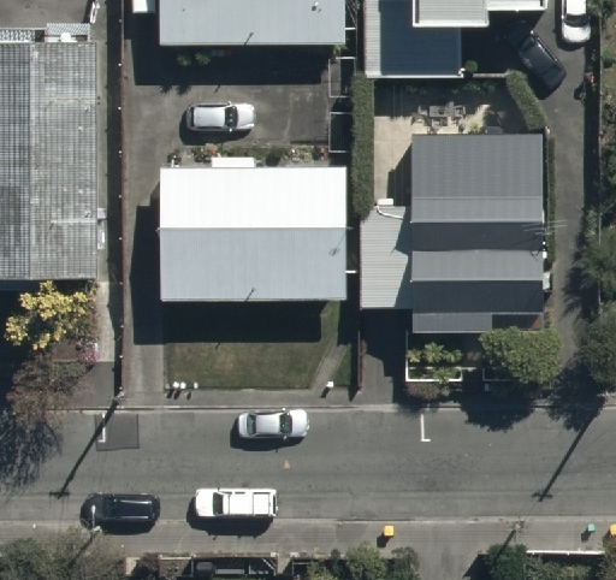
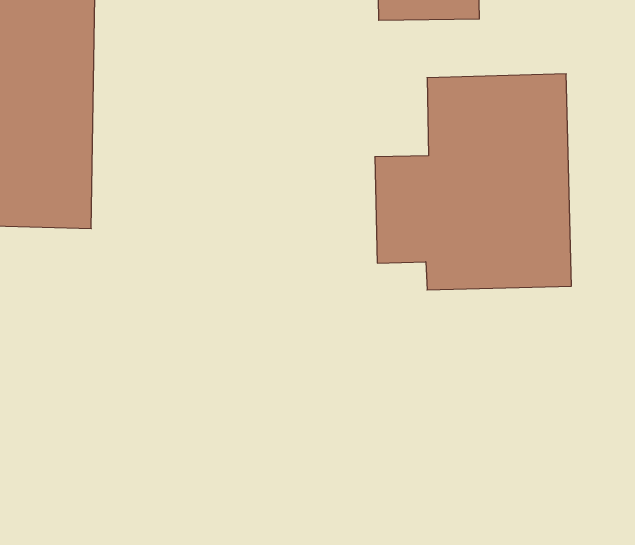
building: [160,165,345,298] -> none

